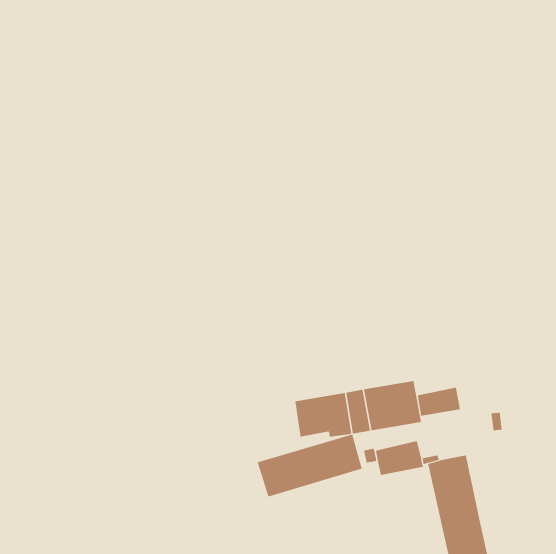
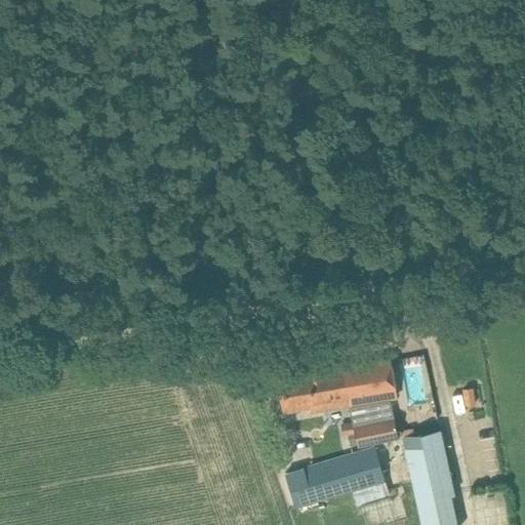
building: [417,387,460,417] -> none
building: [257,434,363,497] -> [285,449,385,509]

